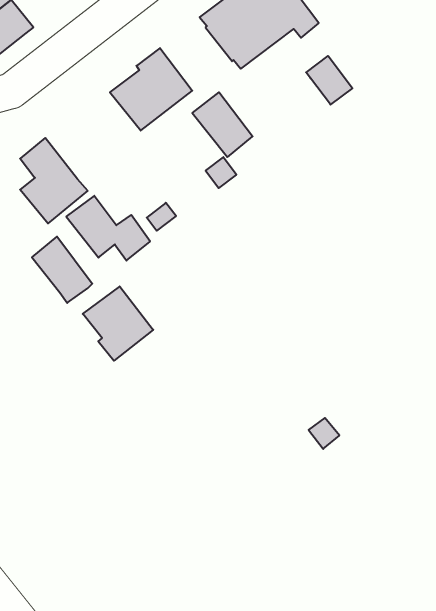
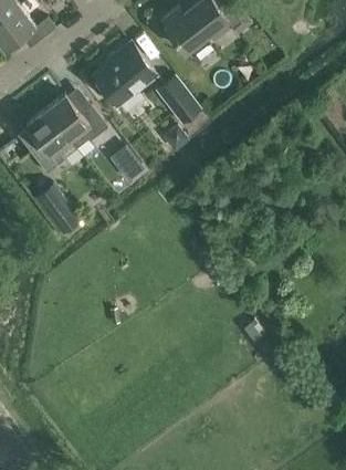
building: [306,56,352,105] -> none
building: [66,196,150,261] -> [44,94,107,143]
building: [83,286,153,361] -> none

